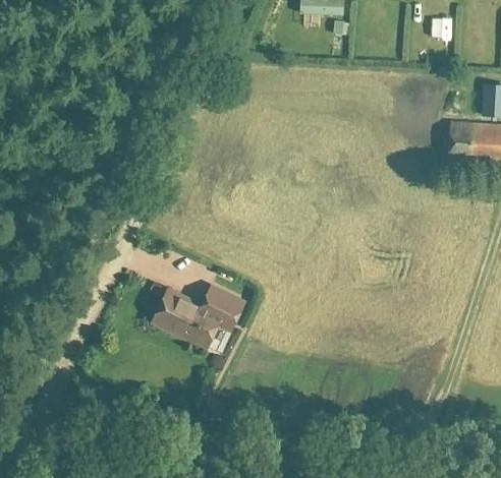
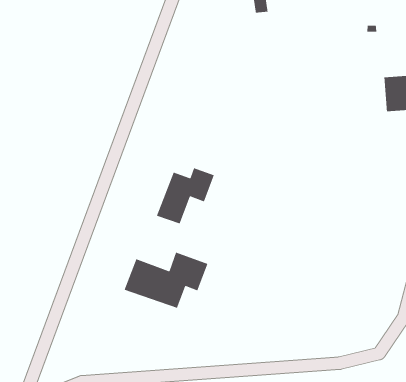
building: none -> [156,167,215,225]

